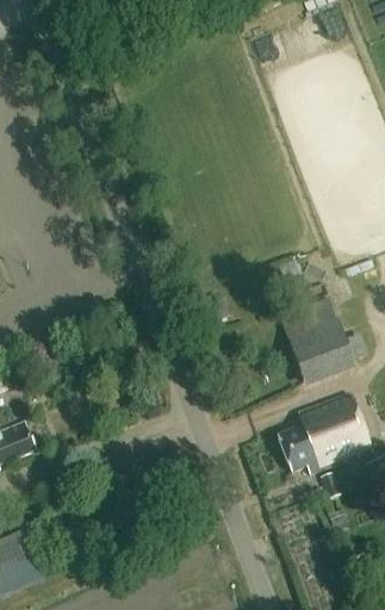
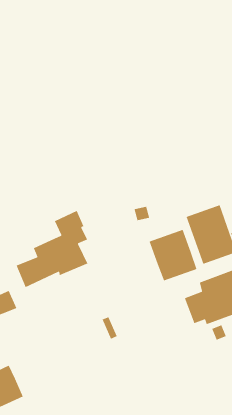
building: none -> [15,210,88,288]
building: none -> [149,229,198,281]

